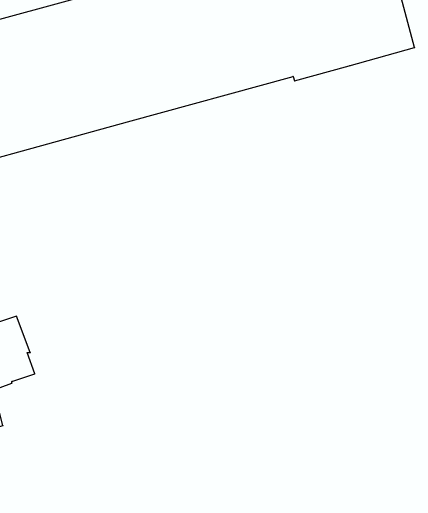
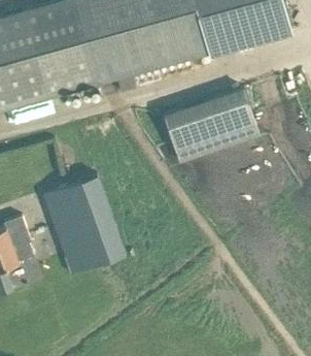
building: none -> [171,90,266,160]
building: none -> [41,176,126,277]

